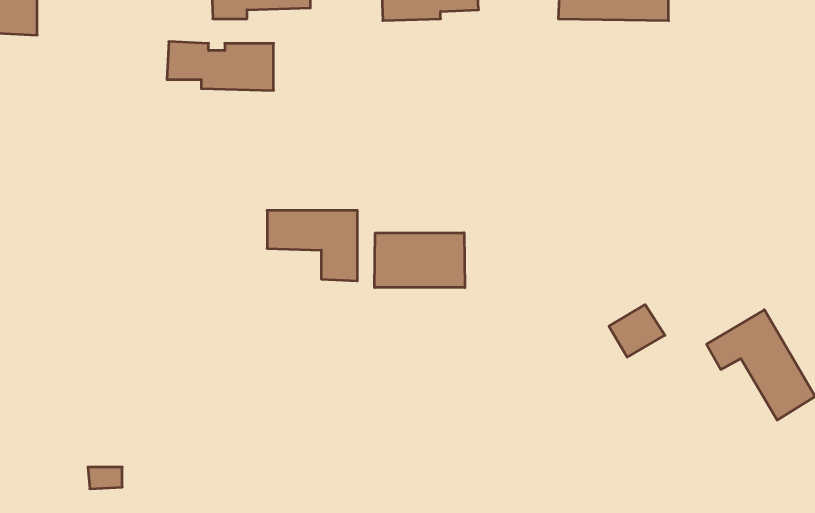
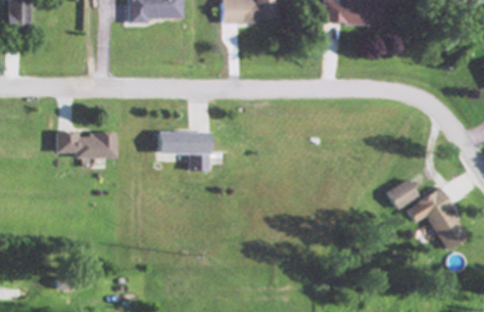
building: [167,42,274,90] -> [55,131,115,159]
building: [375,233,465,288] -> none
building: [609,305,665,357] -> [388,178,420,208]

